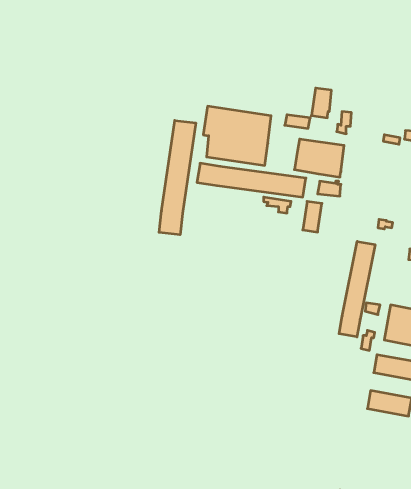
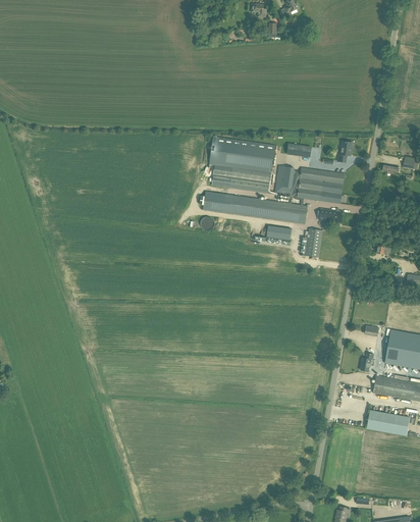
building: [311,88,331,118] -> [274,165,294,194]
building: [159,120,196,235] -> none
building: [339,241,375,337] -> none

